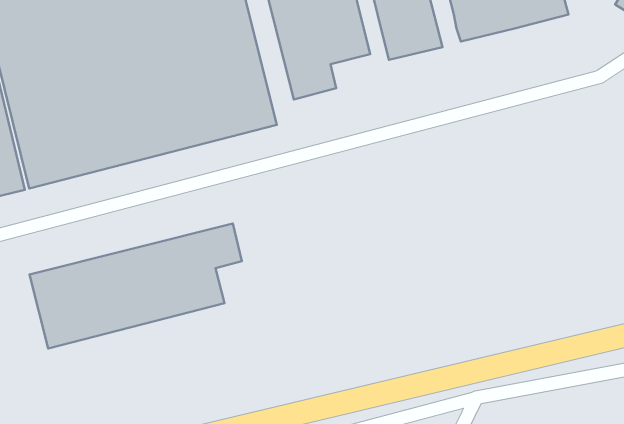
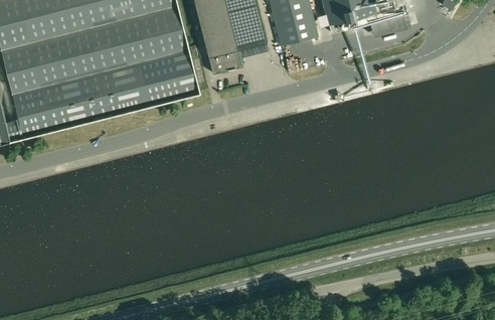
building: [30,223,242,348] -> none

